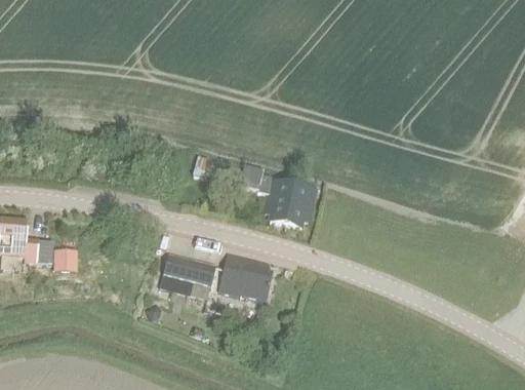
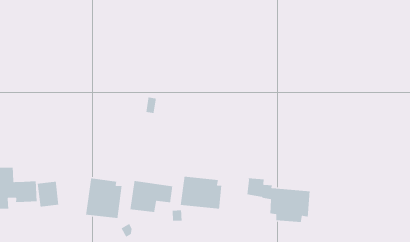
building: [239,165,316,227] -> [246,178,311,223]
building: none -> [85,177,122,219]

